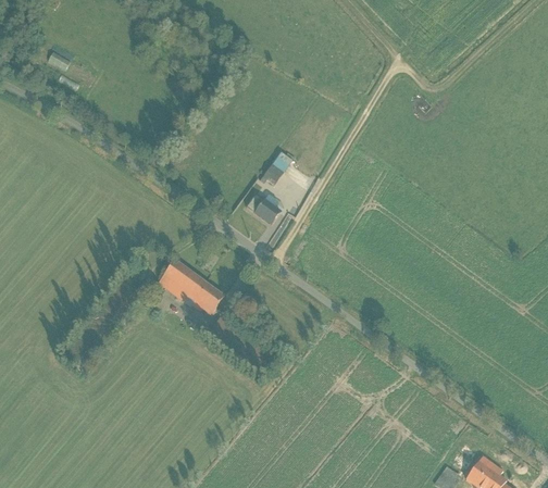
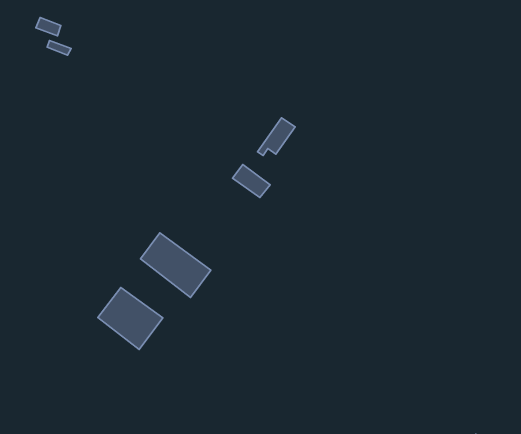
building: none -> [98,287,163,349]

